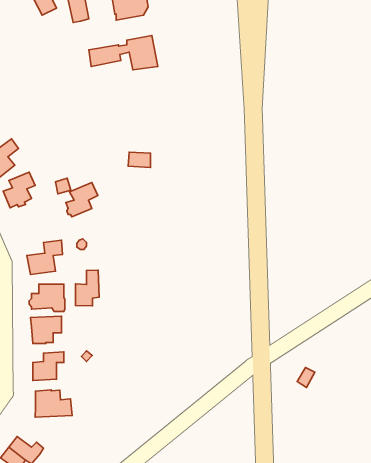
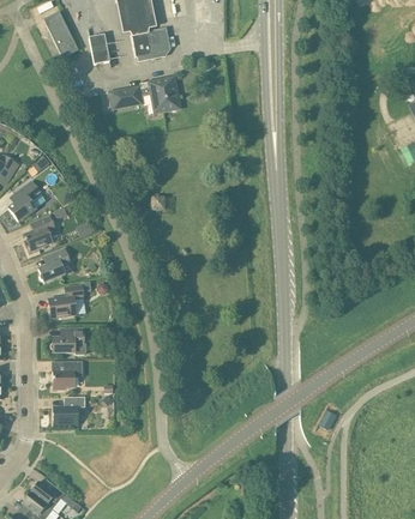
building: [66,182,98,217] -> [37,247,70,282]
building: [76,270,99,306] -> none
building: [35,390,72,417] -> none

